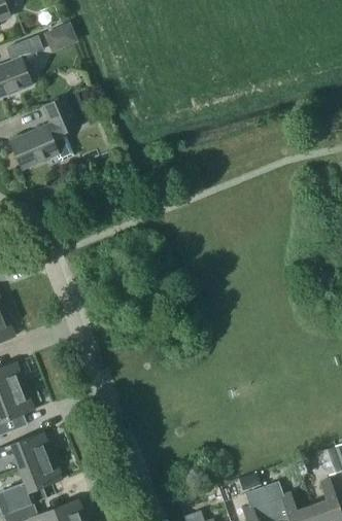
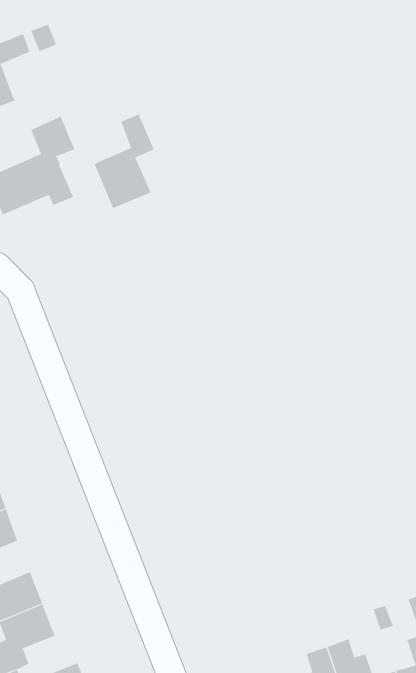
building: none -> [94,113,154,209]

